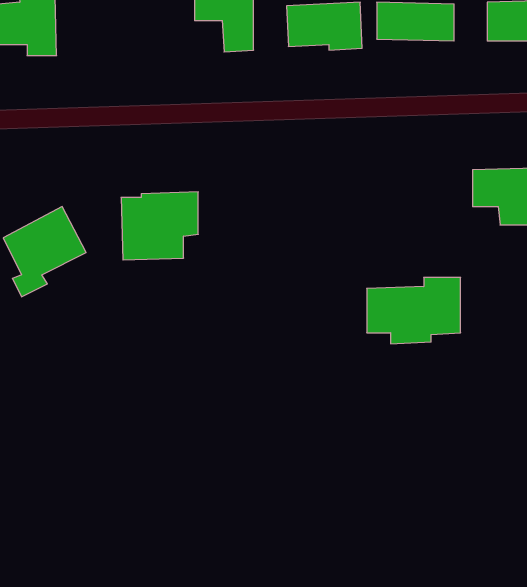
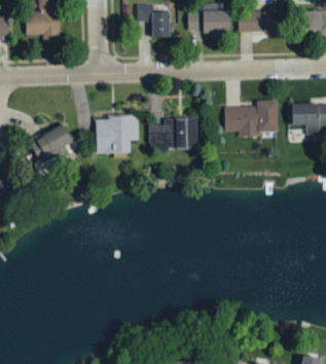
building: none -> [150,117,198,150]
building: [367,277,461,344] -> [225,100,278,137]

